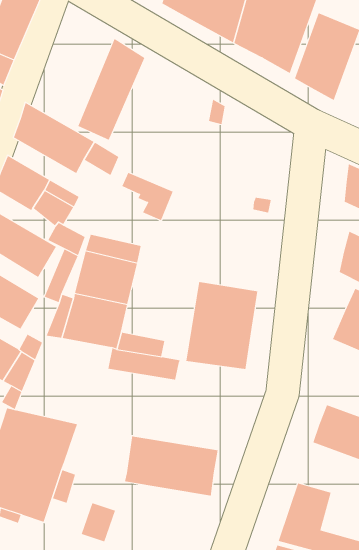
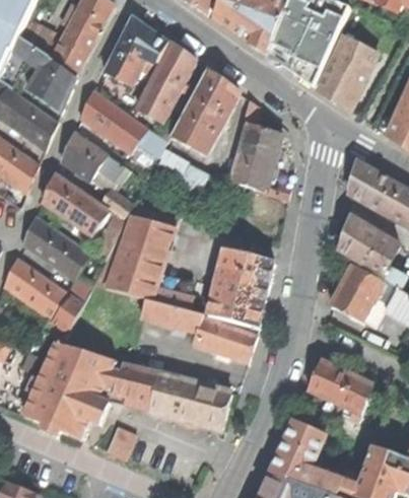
building: none -> [105,16,167,85]
building: none -> [169,68,236,154]
building: none -> [230,123,279,189]
building: none -> [194,315,254,358]
building: none -> [100,361,160,403]

